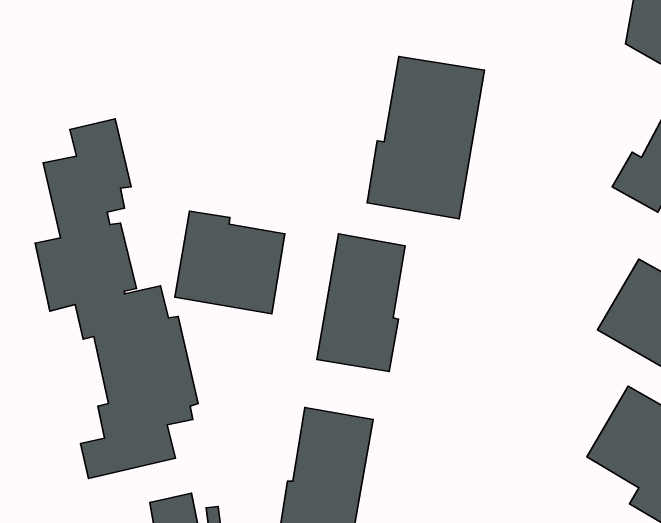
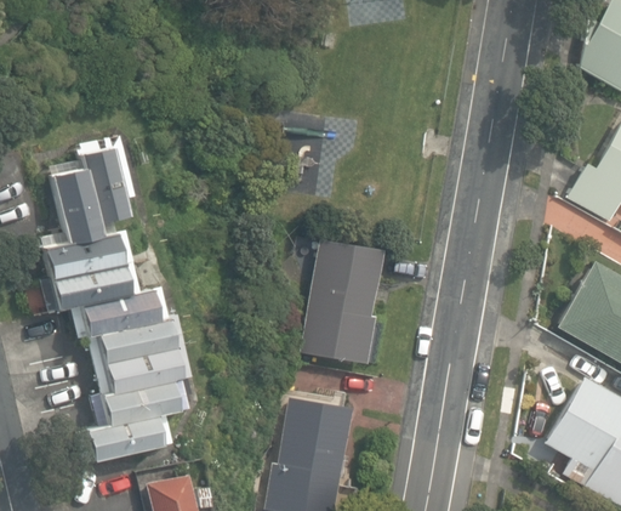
building: [367,56,484,219] -> none
building: [175,211,285,314] -> none

